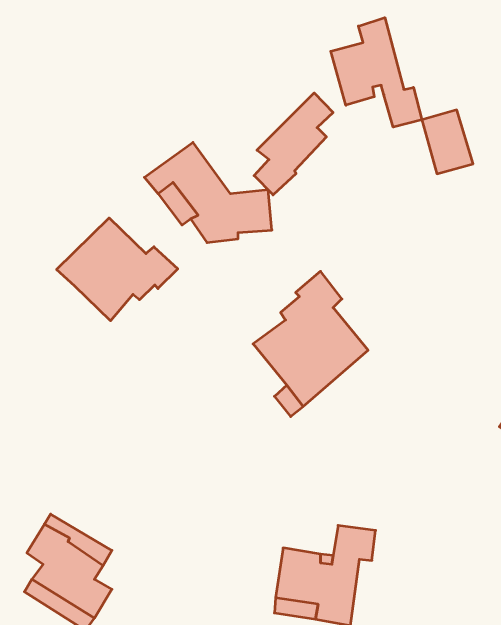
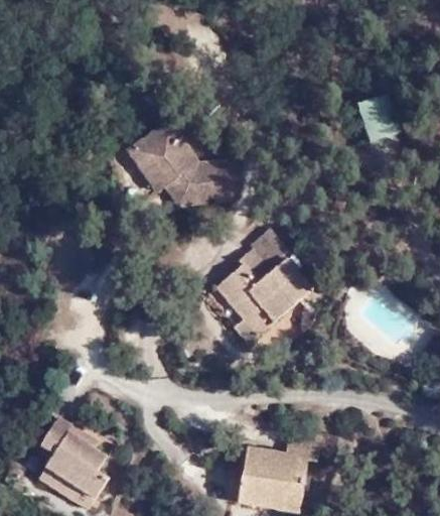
building: [331,18,422,127] -> none
building: [254,93,333,195] -> none
building: [57,218,178,321] -> none

